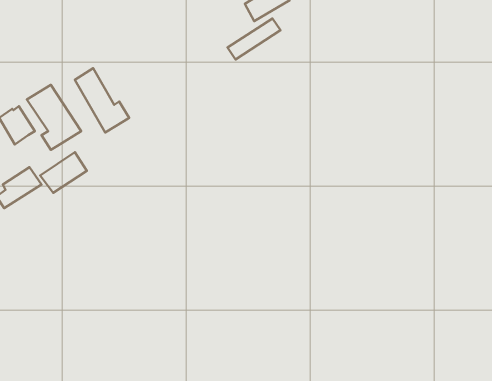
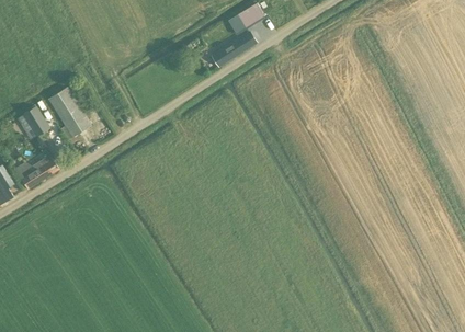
building: [75,68,129,132] -> none
building: [40,152,87,193] -> none

